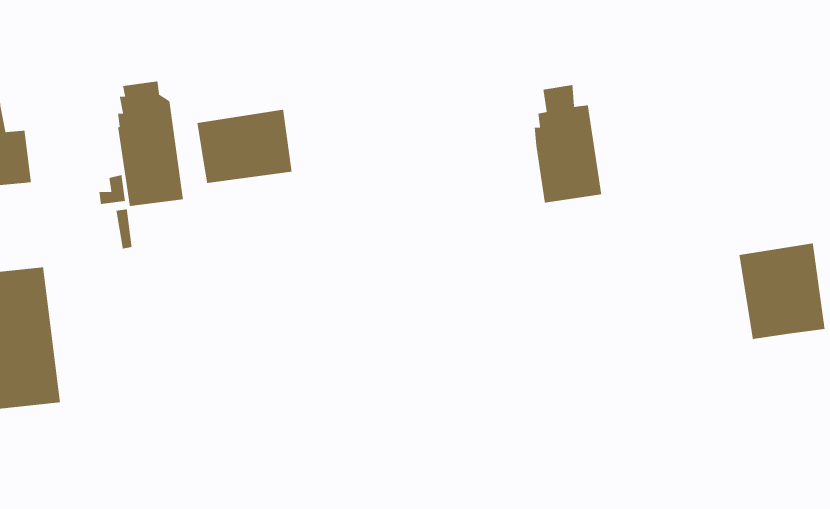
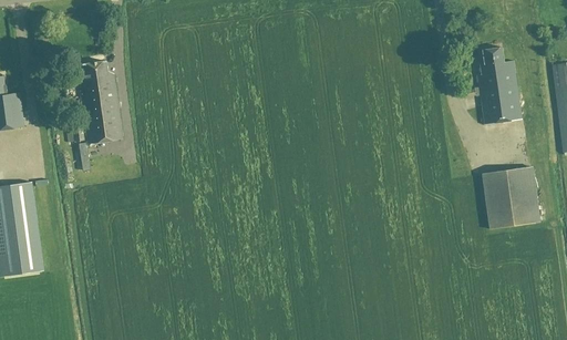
building: [534,84,602,204] -> [477,45,522,123]
building: [196,109,292,184] -> none

